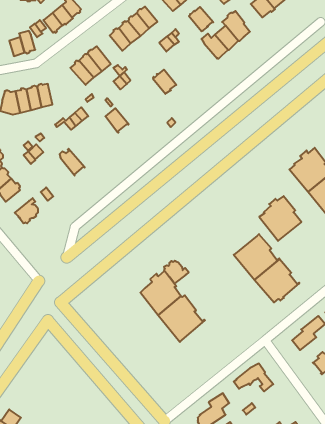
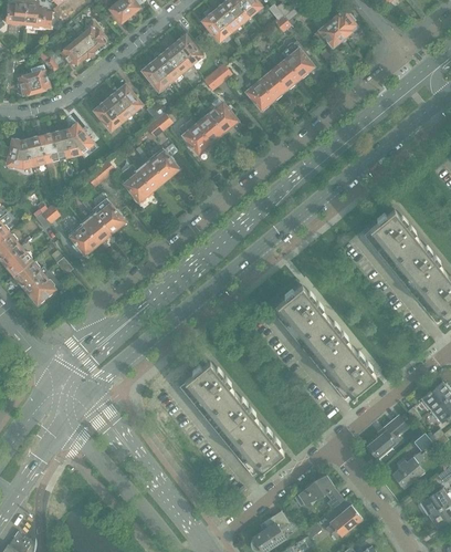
building: [189,7,213,31] -> [245,81,275,111]
building: none -> [209,98,239,132]
building: none -> [178,118,211,154]
building: none -> [66,124,94,156]
building: none -> [148,144,180,180]
building: none -> [124,169,153,202]
building: none -> [92,198,126,233]
building: none -> [70,221,99,256]
building: none -> [14,261,48,289]
building: [259,196,301,241] -> [272,285,324,341]
building: [164,261,189,284] -> none
building: none -> [229,421,284,476]
building: none -> [326,504,363,537]

